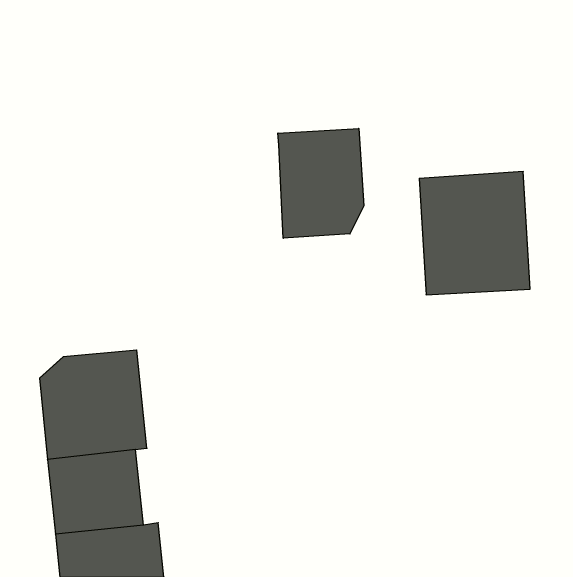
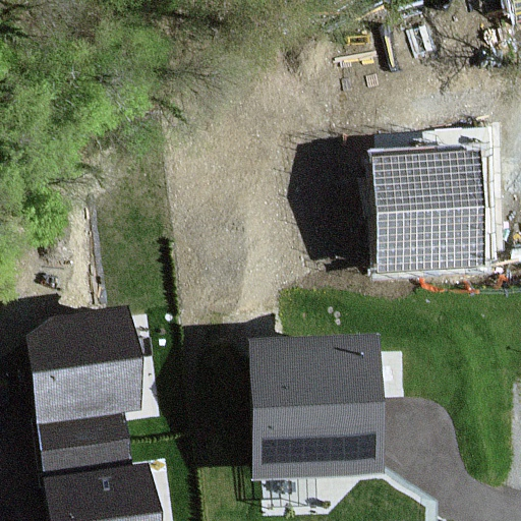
building: [278,128,364,238] -> none
building: none -> [257,341,372,471]

